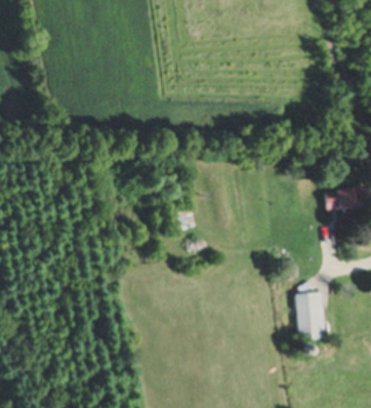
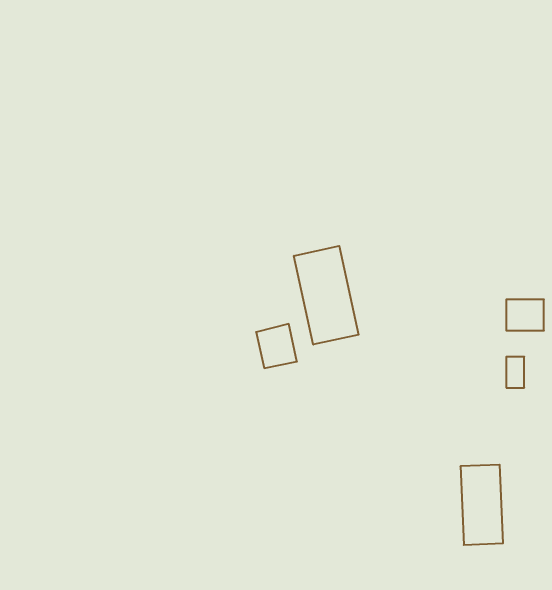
building: none -> [294,246,359,345]

